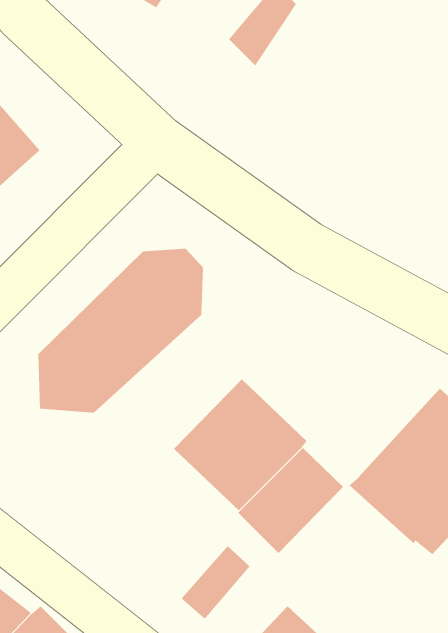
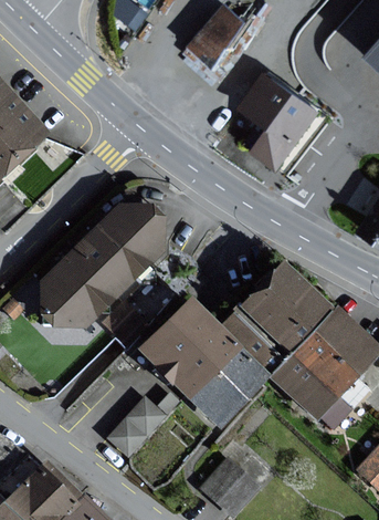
building: none -> [236,79,310,173]
building: none -> [228,263,334,371]
building: [180,545,250,620] -> [109,401,160,455]

